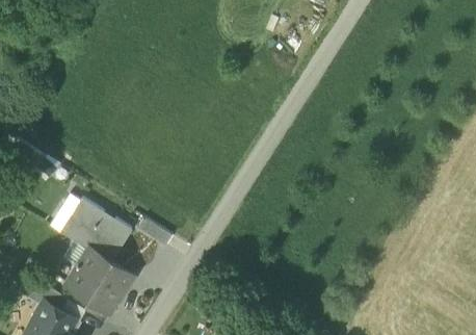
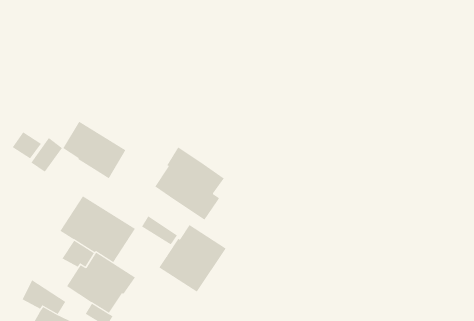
building: none -> [62,121,126,179]
building: none -> [155,147,224,221]
building: none -> [158,224,226,292]

